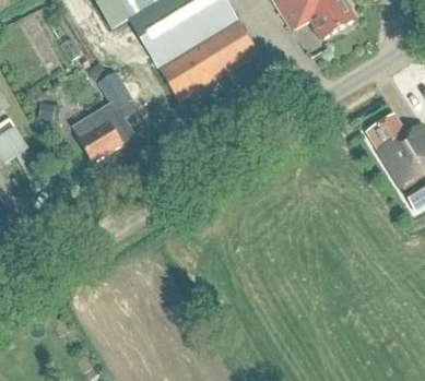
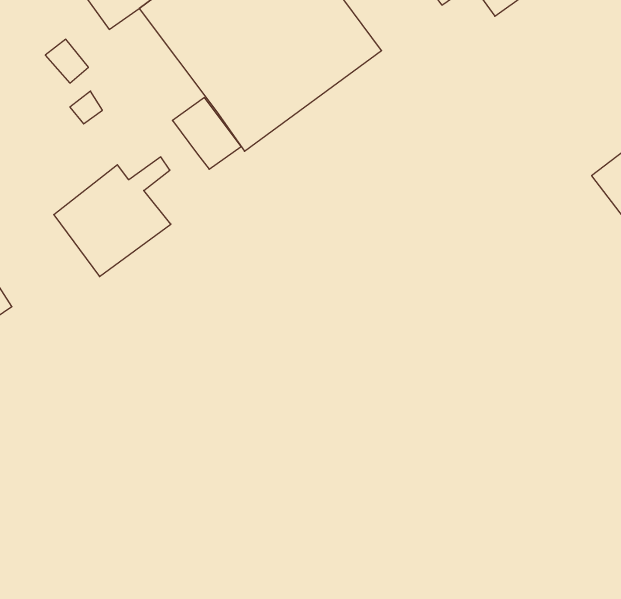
building: [96,71,132,110] -> [172,98,241,169]

